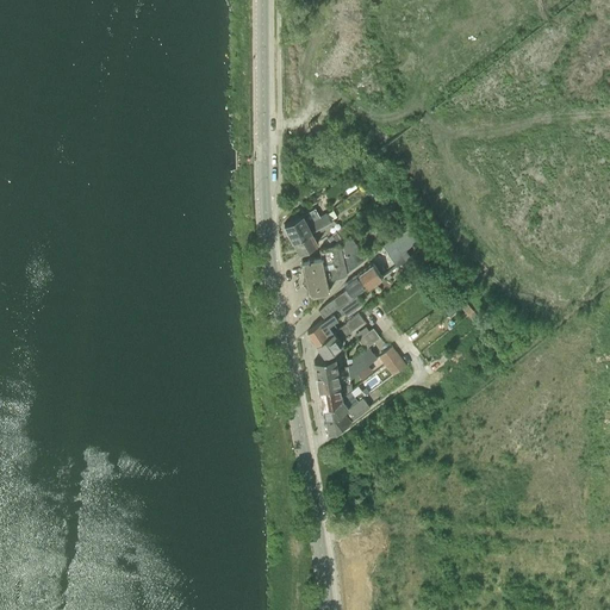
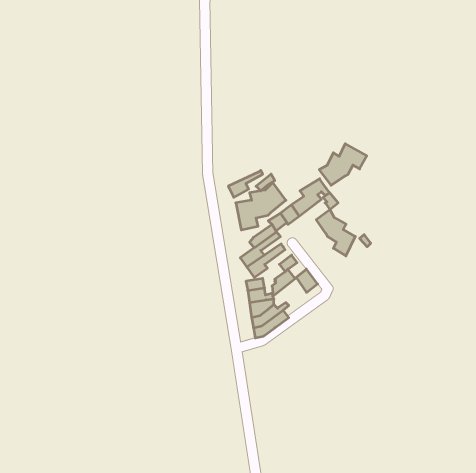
building: none -> [319,144,367,185]
building: [285,216,330,242] -> none
building: none -> [316,209,355,256]

